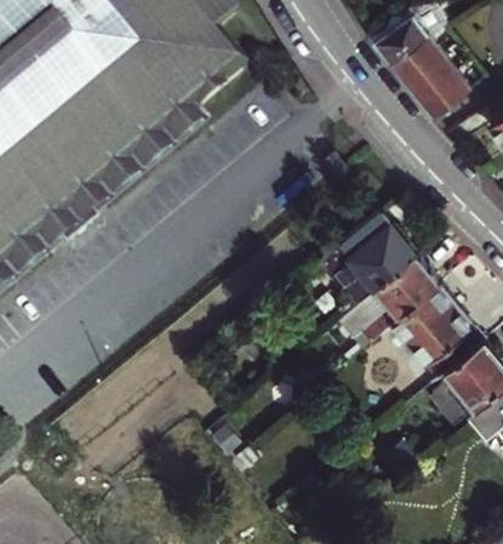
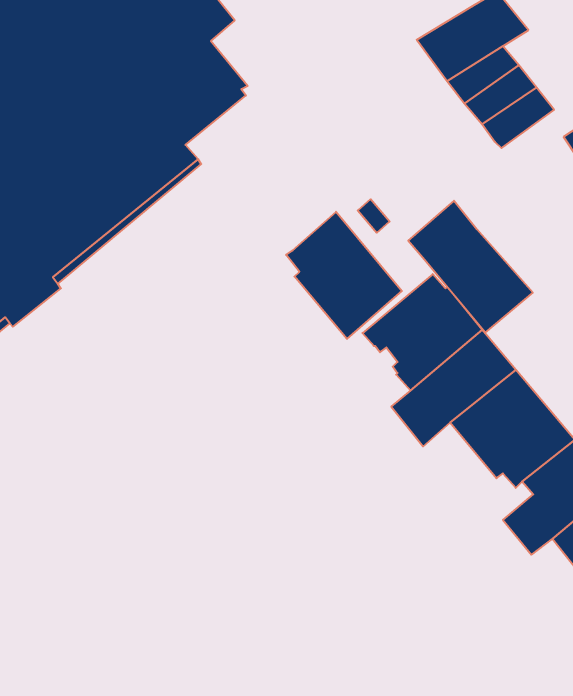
building: none -> [408,201,533,333]
building: none -> [286,212,402,339]

